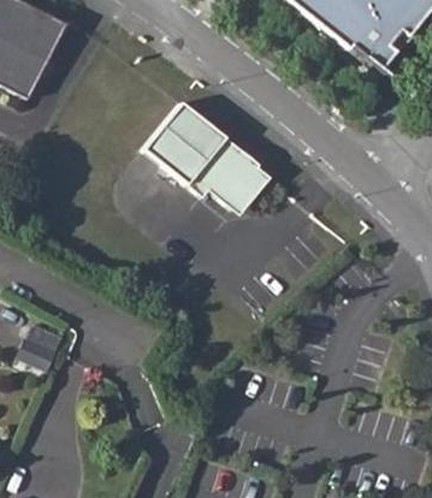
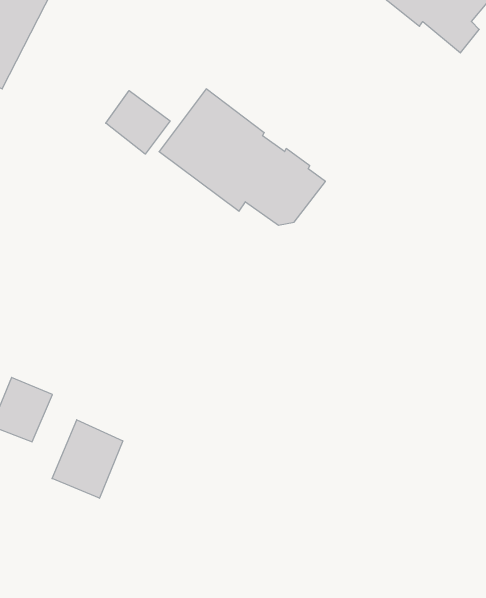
building: none -> [106,91,170,154]
building: none -> [52,420,123,498]

